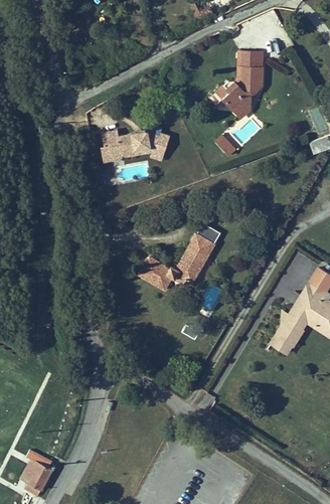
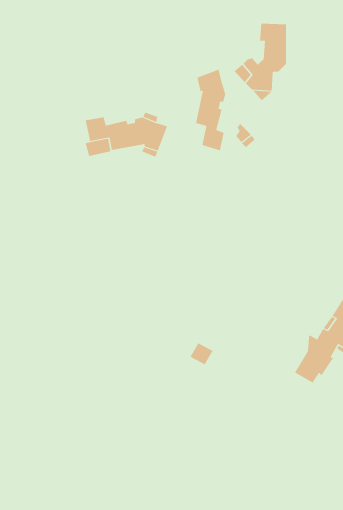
building: none -> [196,69,226,151]
building: [141,232,216,289] -> none

